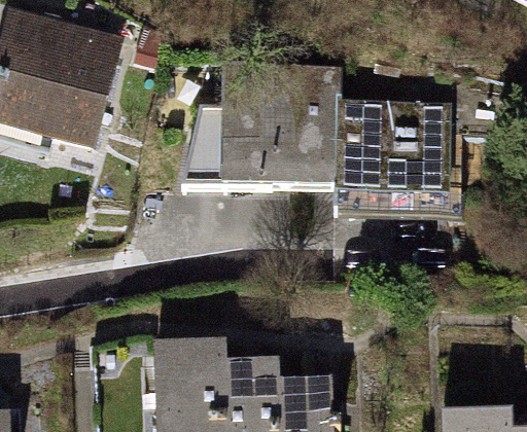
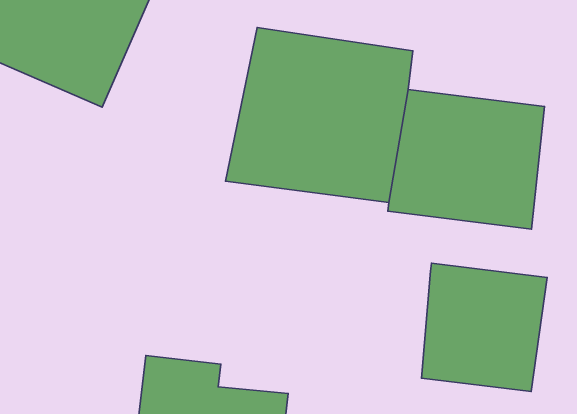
building: none -> [421,263,547,392]

